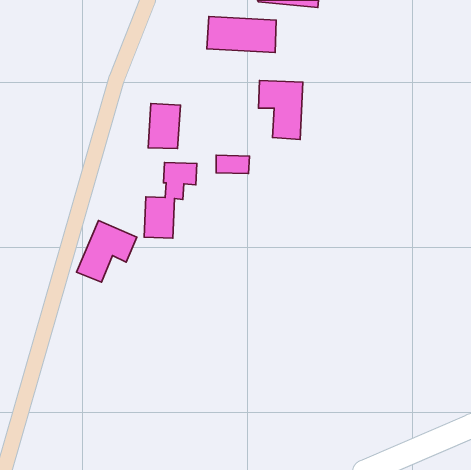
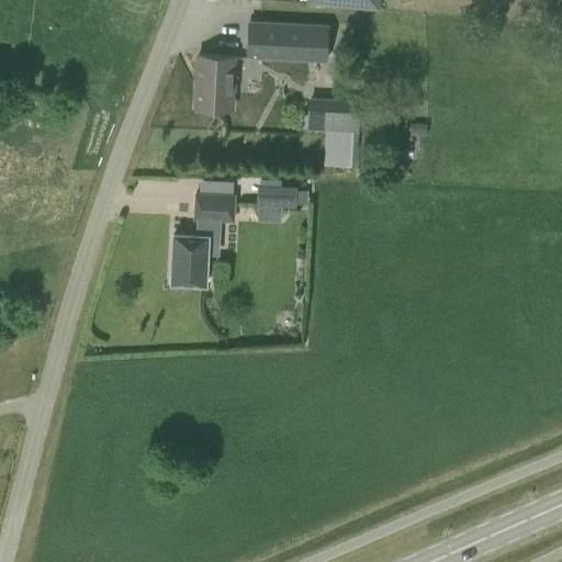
building: [148,103,180,149] -> [196,56,235,110]
building: [77,221,137,282] -> none

